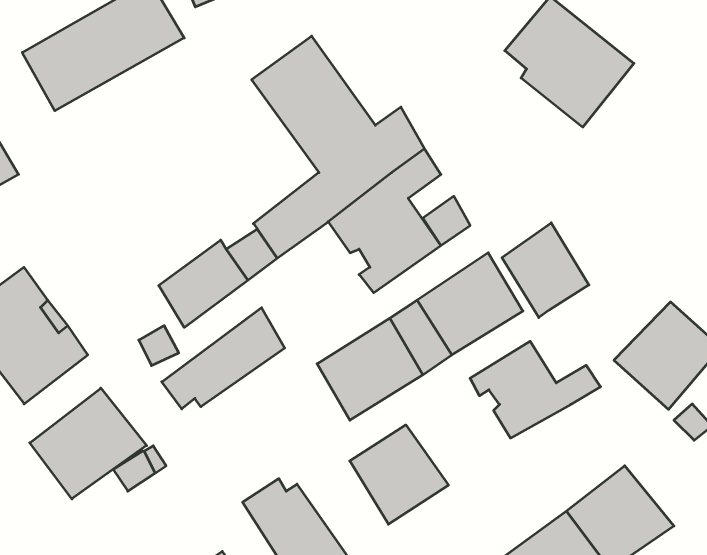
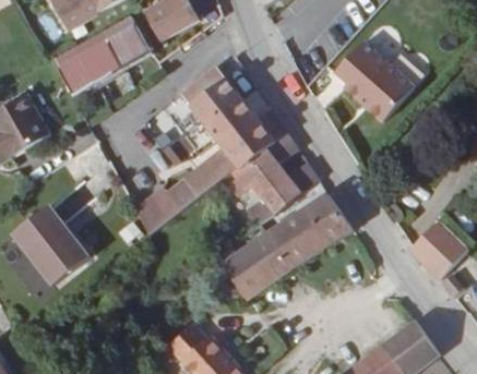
building: [502,223,589,318] -> none
building: [162,308,285,409] -> none
building: [470,341,601,438] -> none
building: [30,388,147,499] -> none
building: [350,425,448,524] -> none

